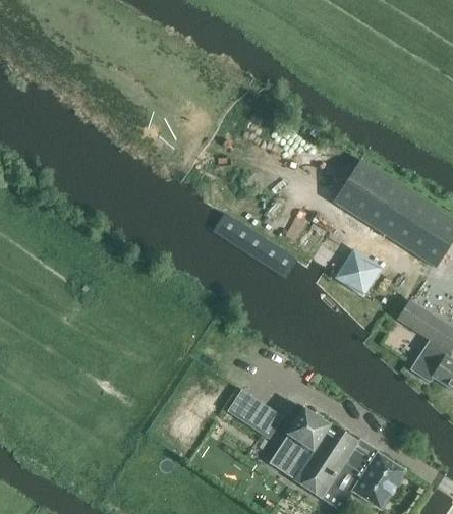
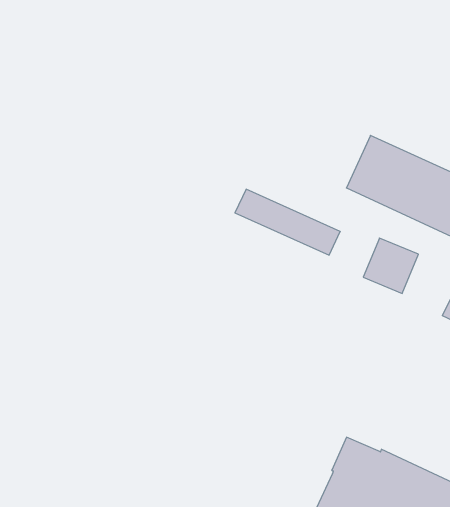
building: [212,212,297,277] -> [235,189,340,255]
building: [238,397,282,438] -> none

